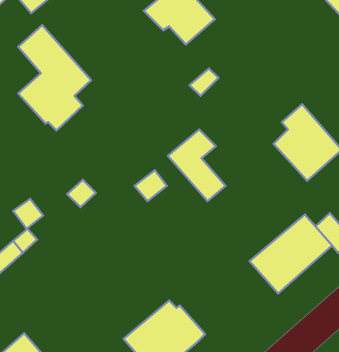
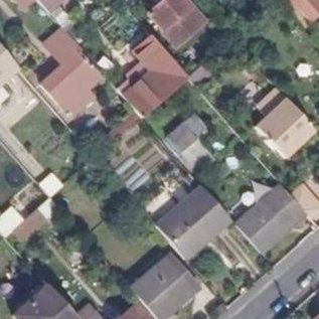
building: none -> [123,36,184,115]
building: none -> [159,186,233,259]

